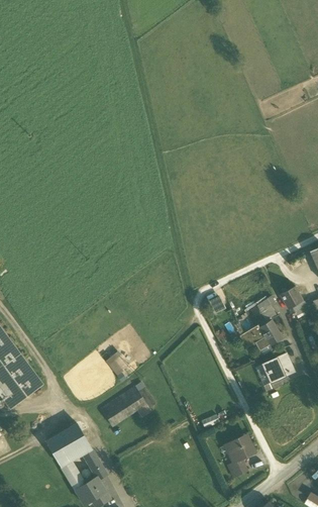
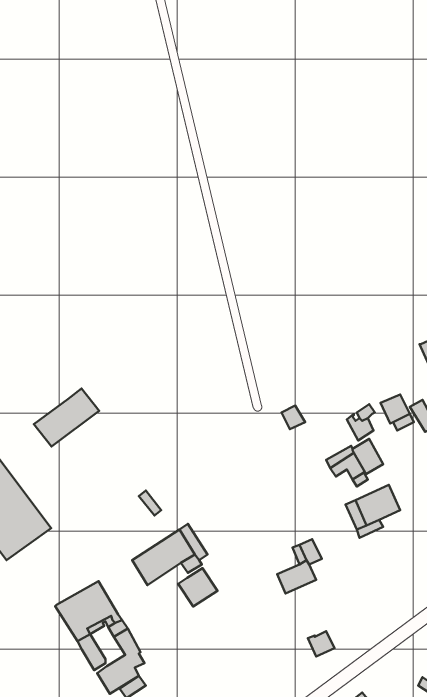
building: none -> [34,389,99,447]
building: none -> [178,568,217,606]
building: [228,433,255,463] -> none

